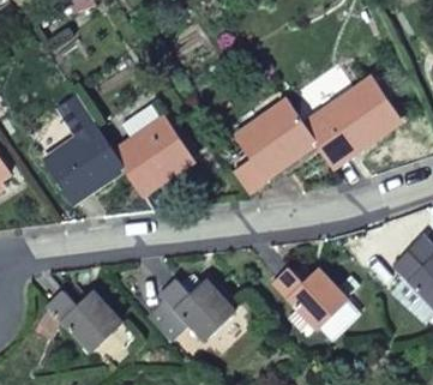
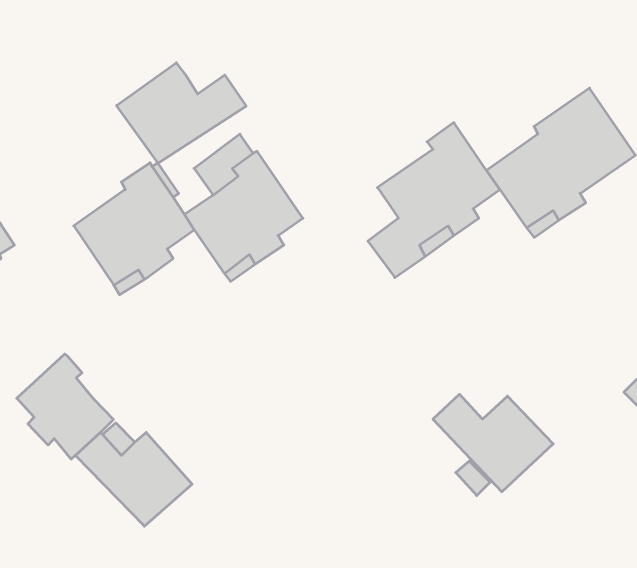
building: none -> [117,63,246,163]
building: none -> [17,354,113,459]
building: [148,277,235,339] -> none

